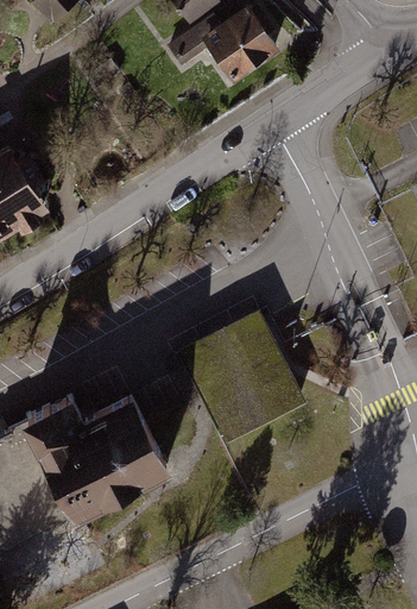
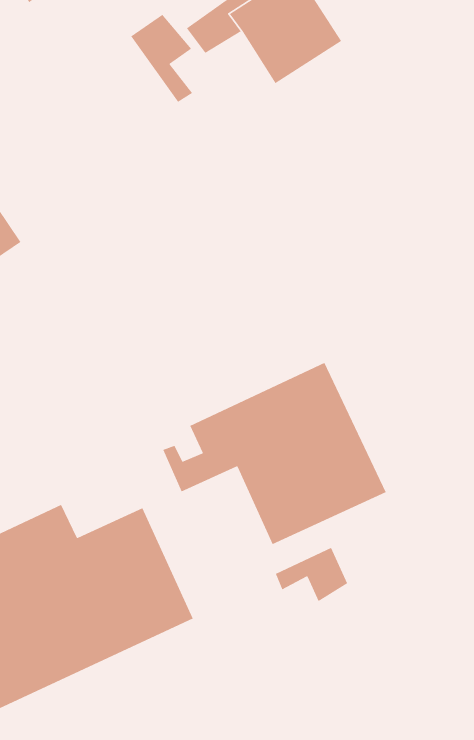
building: none -> [130,14,193,103]
building: none -> [275,547,348,602]

